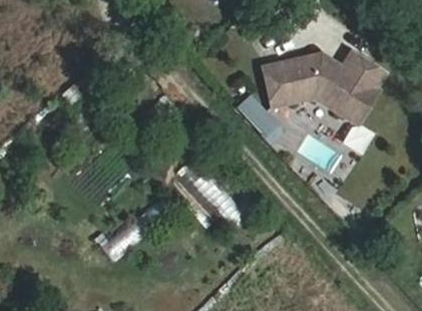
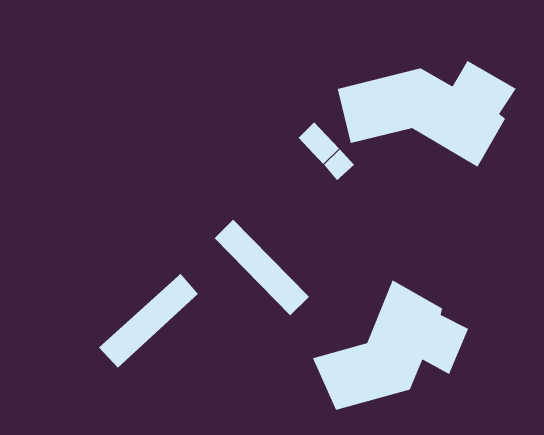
building: none -> [312,279,469,411]

